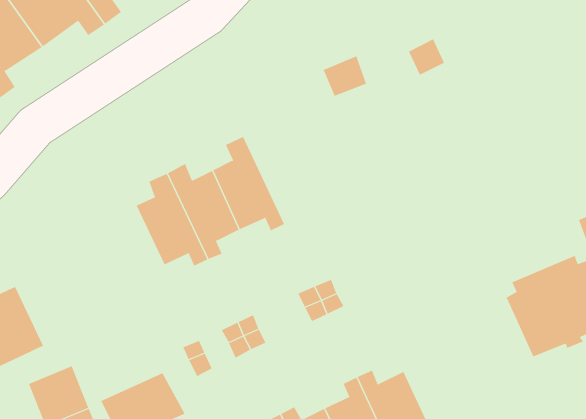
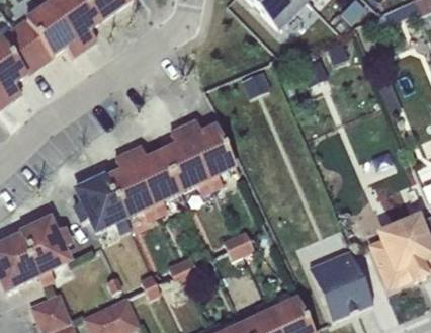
building: none -> [183,121,237,190]
building: none -> [71,175,132,235]
building: none -> [19,219,73,285]
building: none -> [309,249,372,321]

